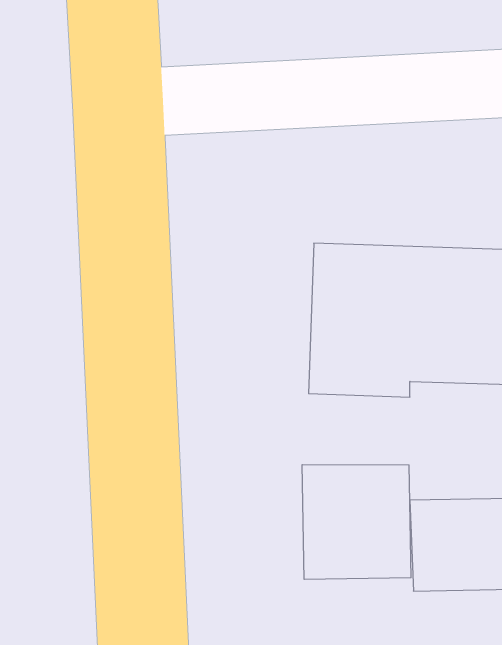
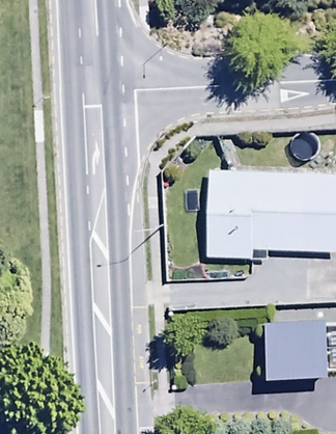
building: [302,465,411,579] -> none

